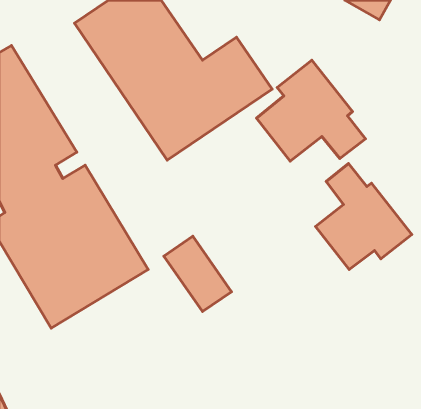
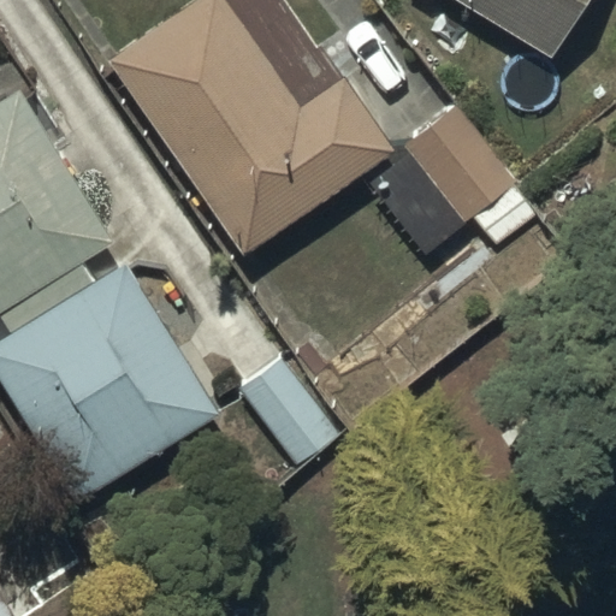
building: [315,163,412,270] -> none

